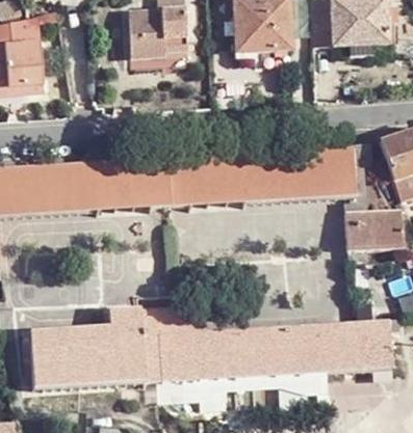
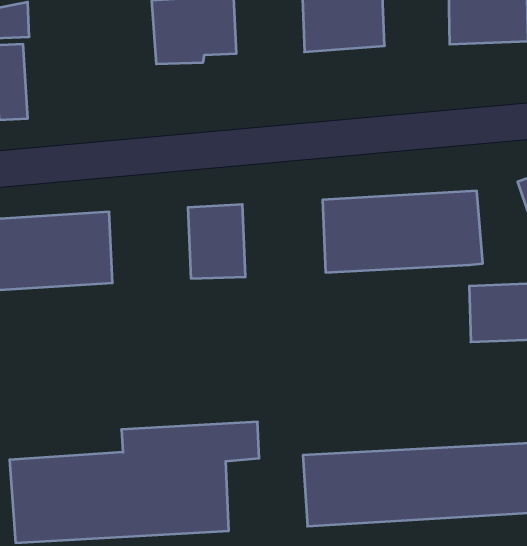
building: [191,152,249,205] -> none
building: [100,157,156,209] -> none
building: [180,327,236,379] -> none

